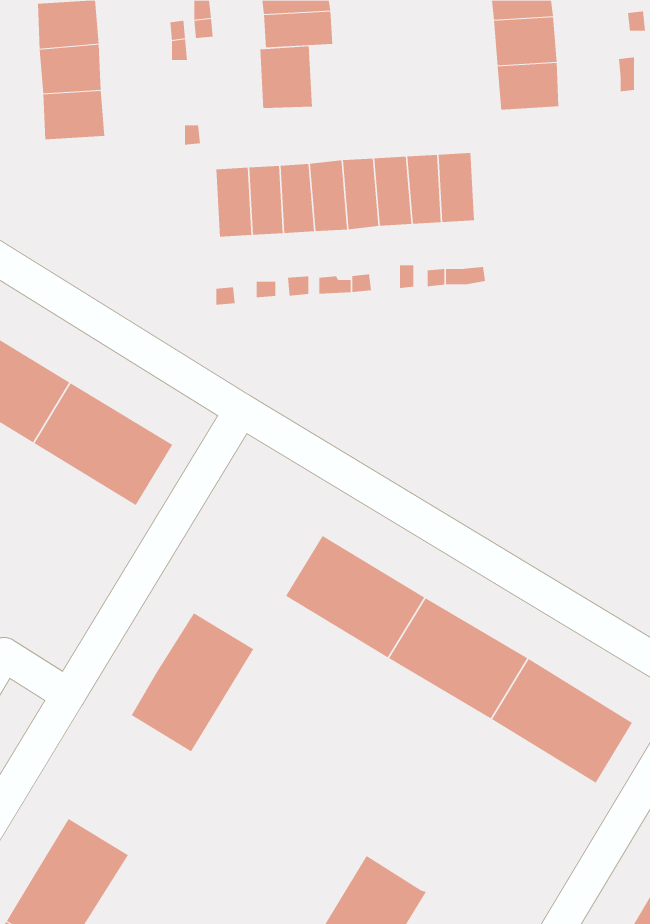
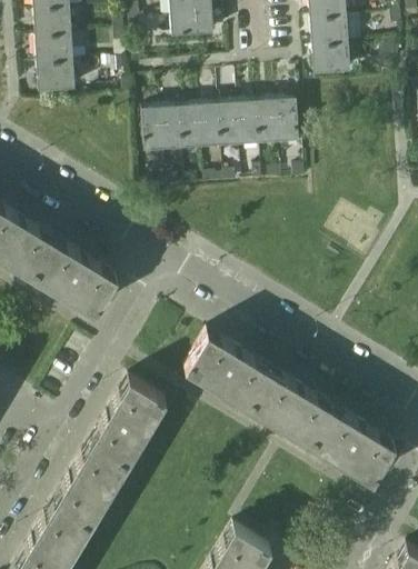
building: [260,45,313,109] -> none
building: none -> [57,440,131,525]

